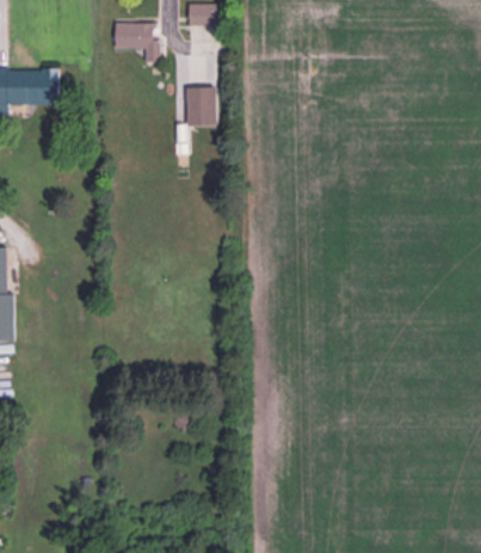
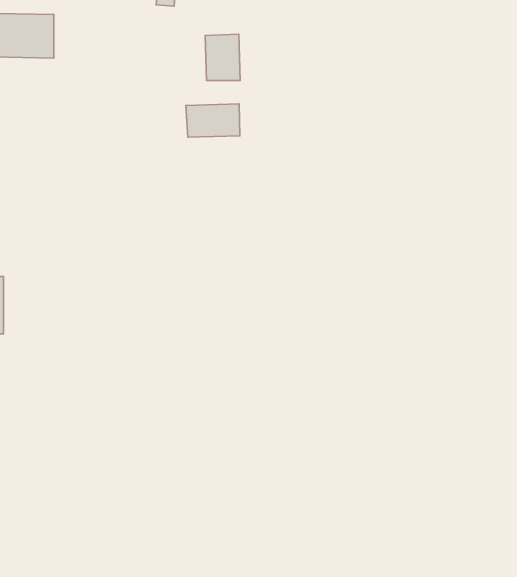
building: none -> [186,104,240,137]

